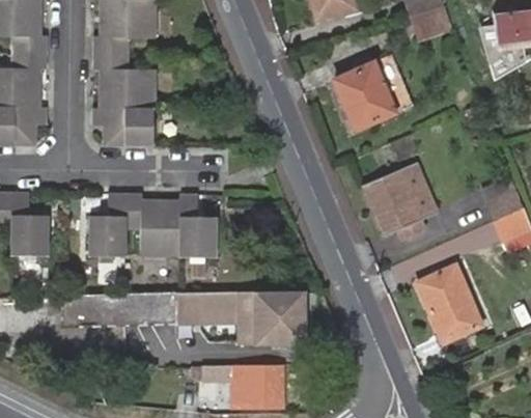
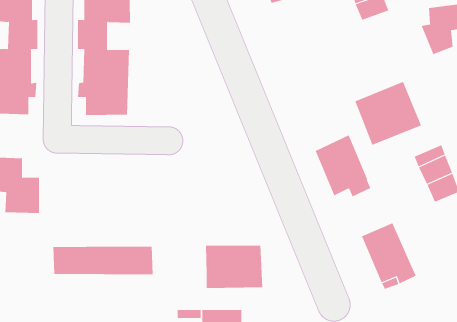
building: [337,59,414,133] -> [355,81,422,145]
building: [88,193,220,257] -> none
building: [178,292,240,327] -> none

